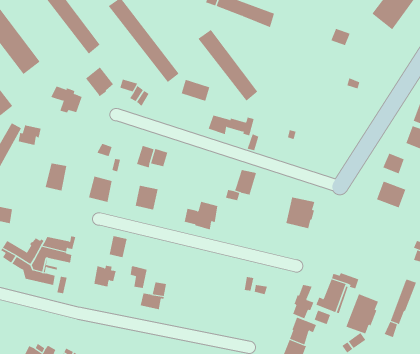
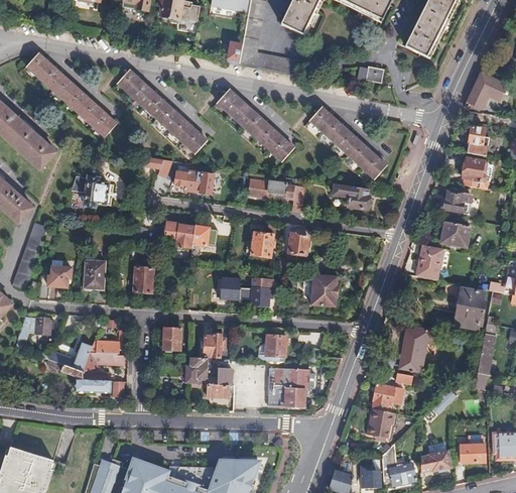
building: none -> [308,104,385,176]
building: [85,66,114,97] -> none
building: [181,79,210,102] -> [190,175,221,196]
building: [18,125,42,145] -> [47,267,71,287]
building: none -> [348,186,369,209]
building: none -> [249,231,275,255]
building: [135,185,158,210] -> [217,273,239,297]
building: none -> [415,242,442,276]
building: [285,197,315,229] -> [308,274,338,305]
building: none -> [263,334,284,361]
building: [94,265,117,287] -> [203,333,225,356]
building: [293,284,314,319] -> none
building: none -> [268,369,309,405]
building: [345,293,379,334] -> [454,285,485,328]

